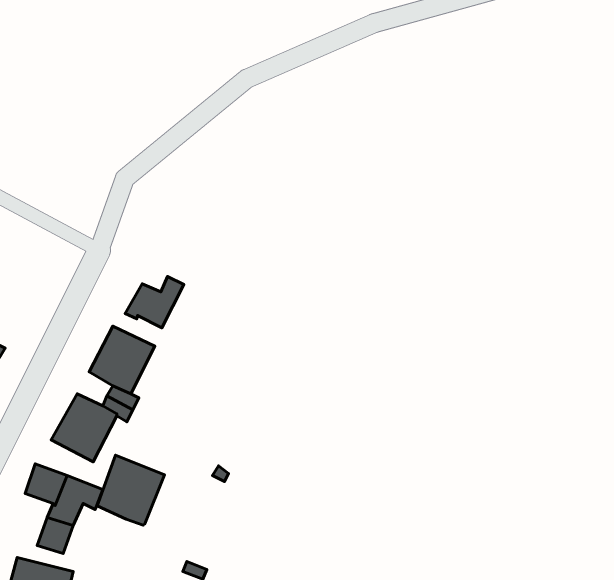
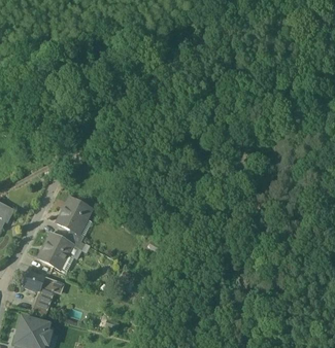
building: [125,276,184,328] -> none
building: [97,455,164,525] -> none

